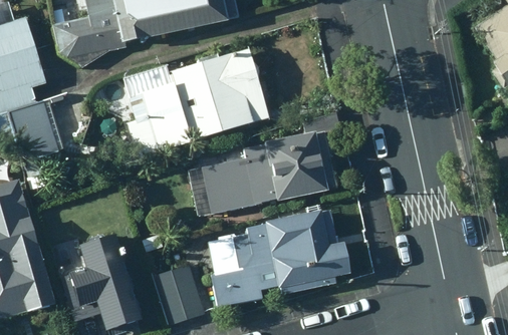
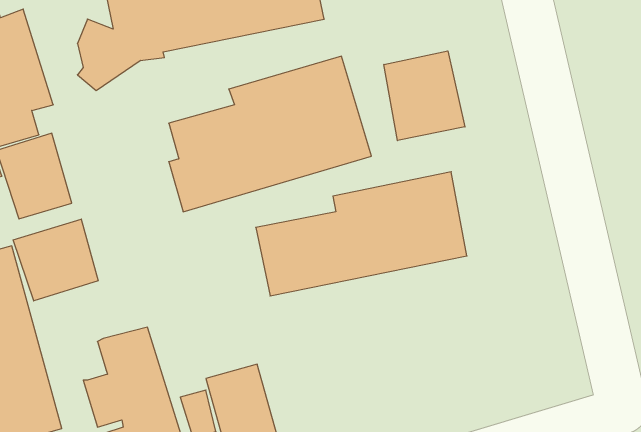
building: none -> [384,51,465,141]
building: none -> [13,219,98,301]
building: [210,207,352,297] -> none

